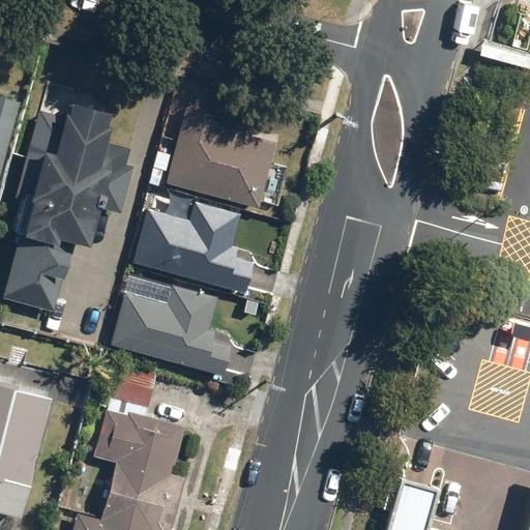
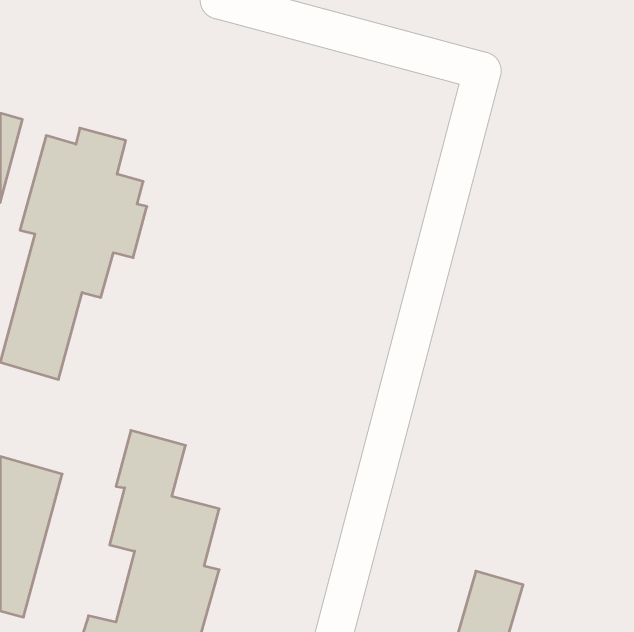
building: [164,108,276,209] -> none
building: [132,202,254,292] -> none
building: [111,285,230,375] -> none

